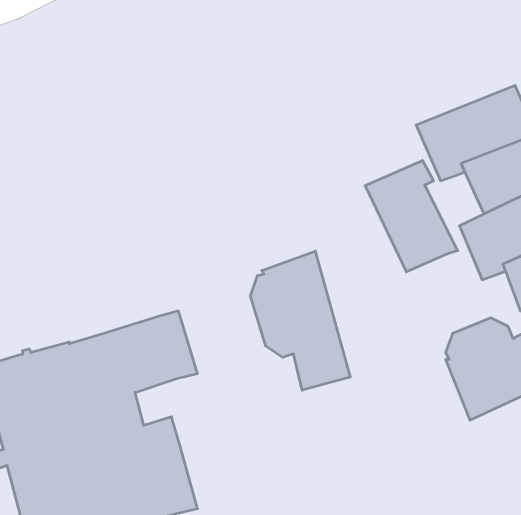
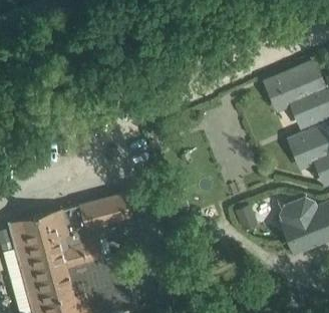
building: [365,160,458,272] -> none
building: [250,251,350,390] -> none

